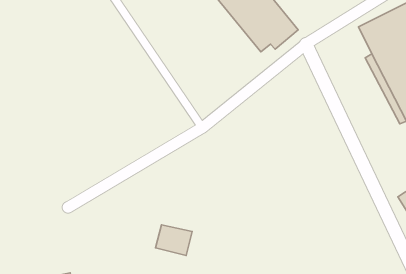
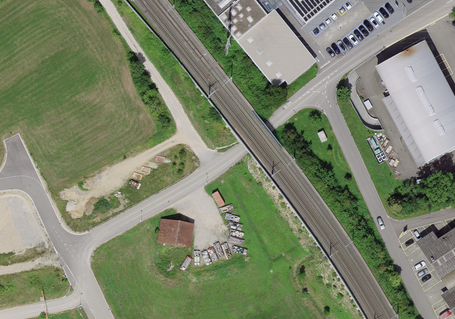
building: [156,225,192,256] -> [157,217,195,249]

